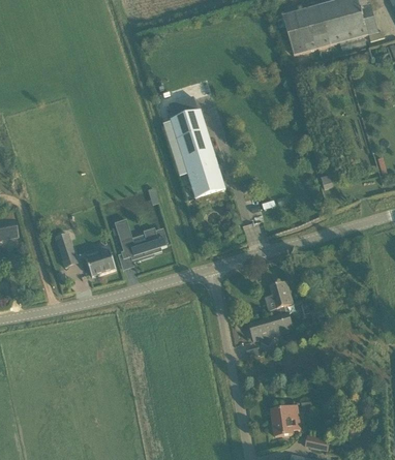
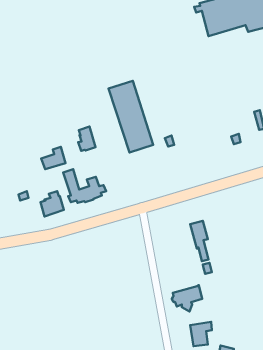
building: none -> [78,127,96,151]
building: none -> [41,147,66,169]
building: [247,314,284,346] -> [172,285,202,311]

